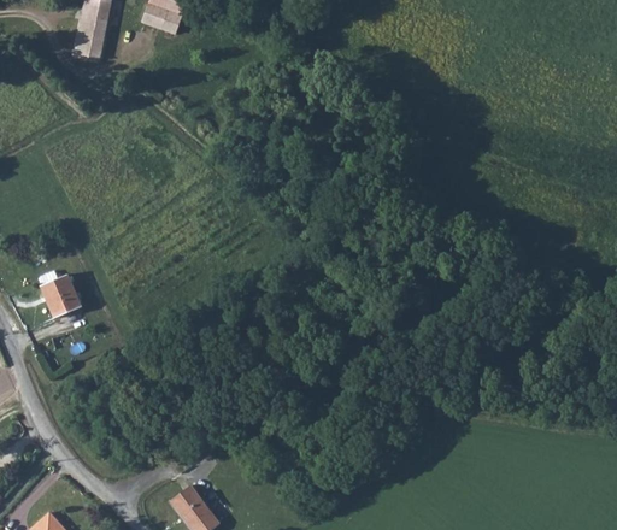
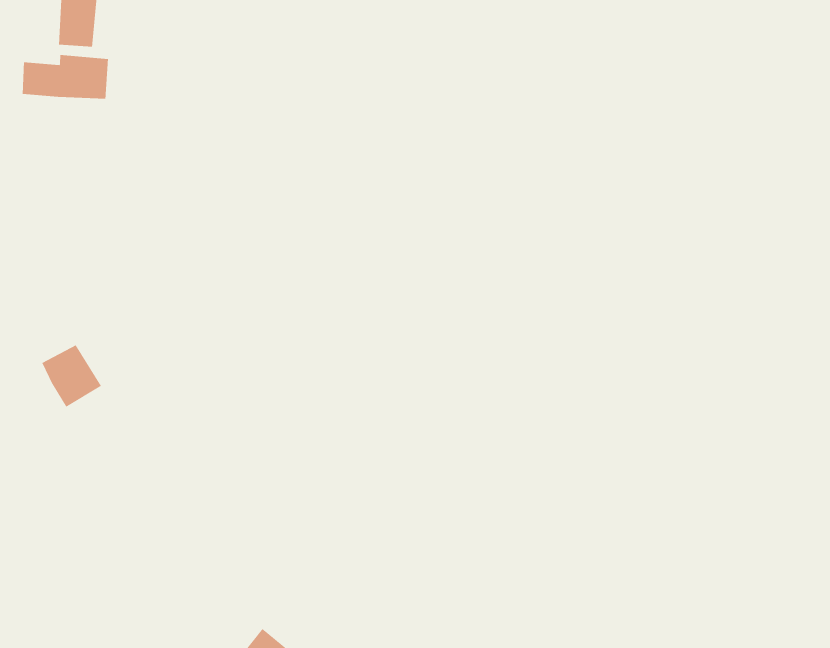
building: none -> [22,54,109,100]

